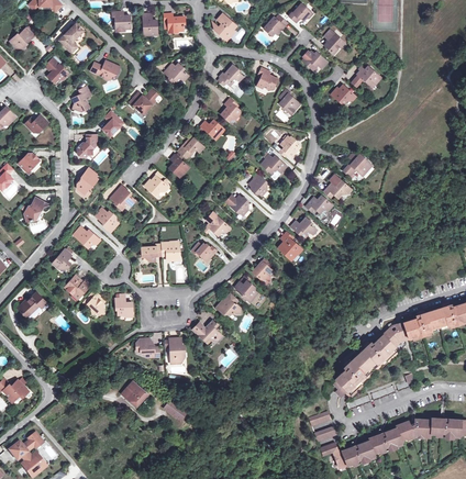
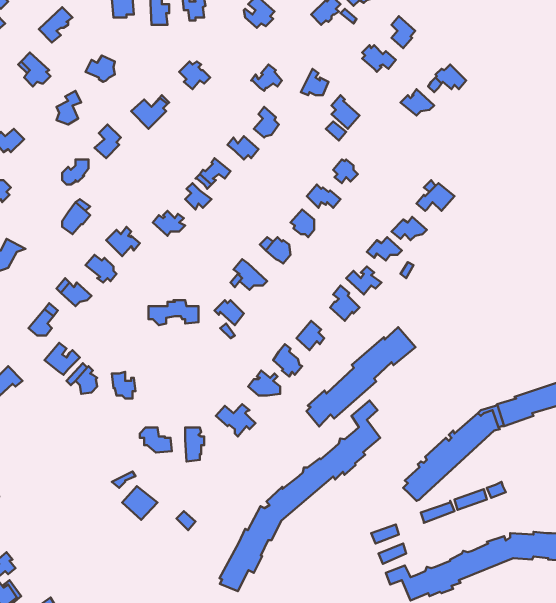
building: none -> [307,327,415,426]
building: none -> [220,400,380,591]

